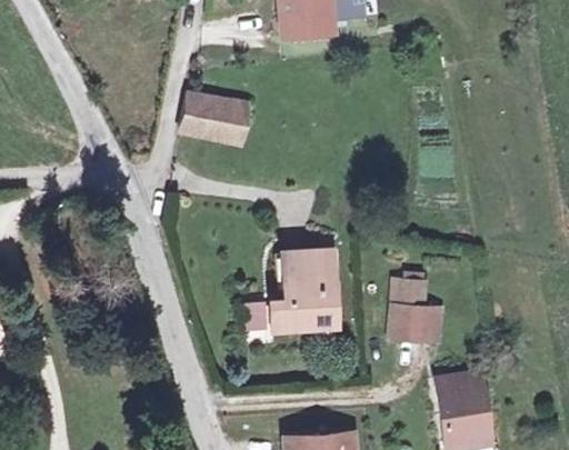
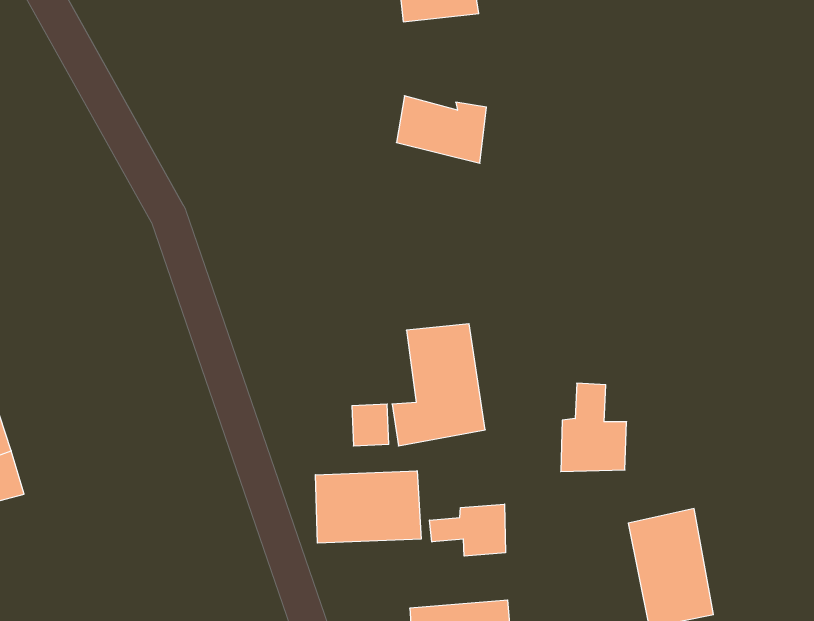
building: [189,94,251,141] -> [396,96,486,163]
building: none -> [315,471,421,543]
building: none -> [430,504,505,556]

